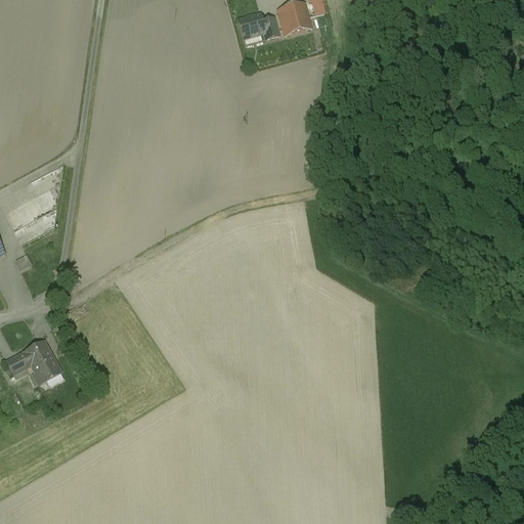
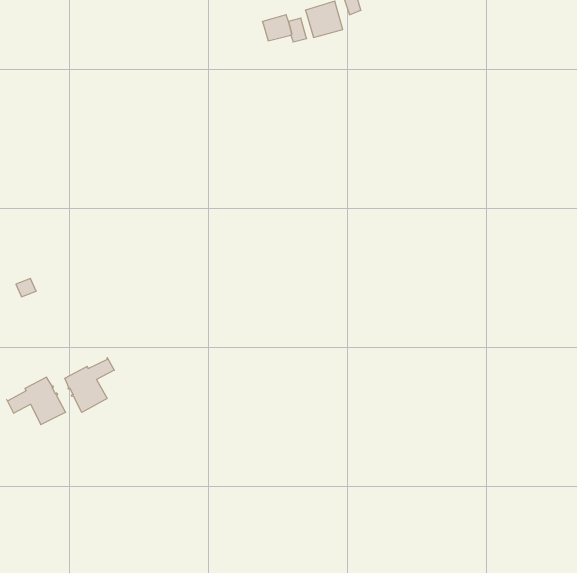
building: none -> [65,358,114,412]

